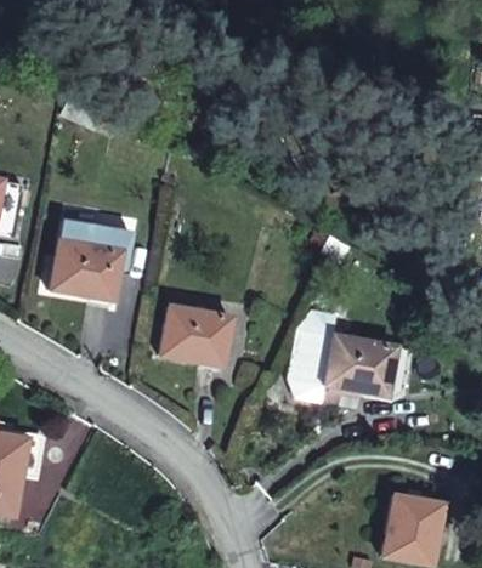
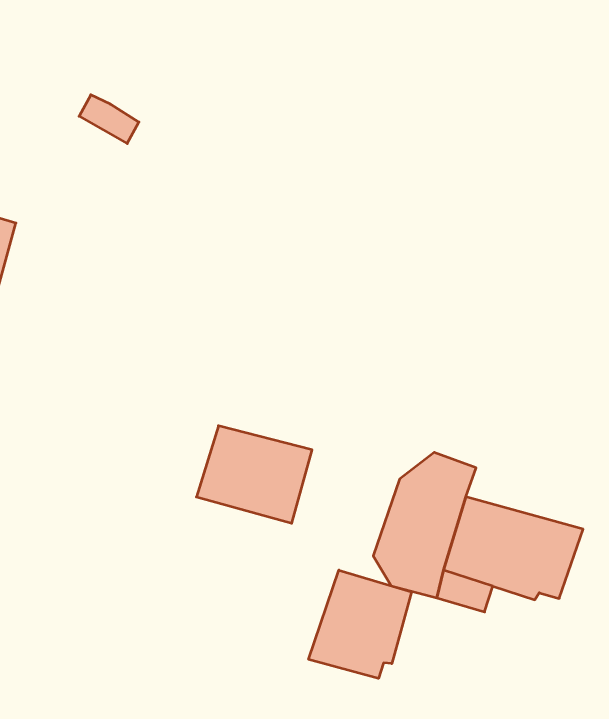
building: [55,220,135,301] -> none
building: none -> [309,570,411,678]

